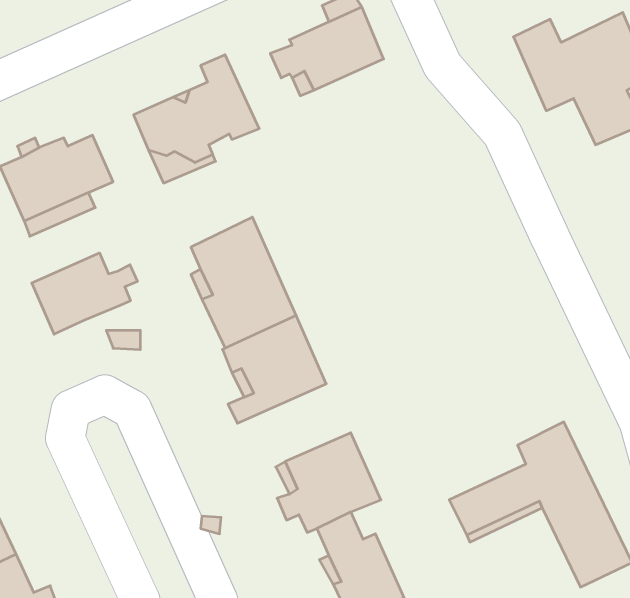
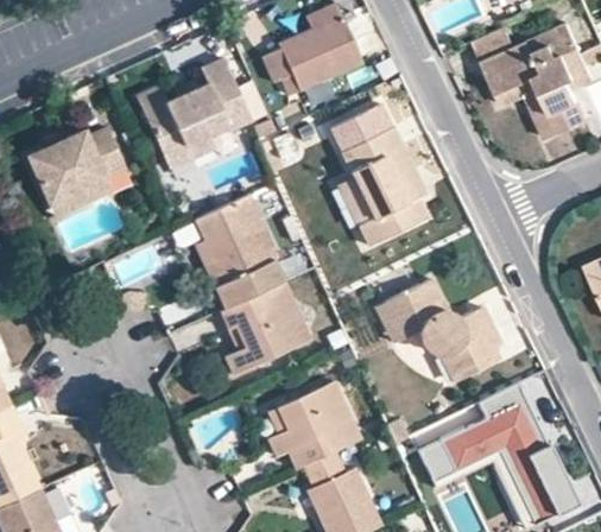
building: none -> [334,102,428,247]
building: [32,253,137,334] -> none
building: none -> [375,276,501,380]

